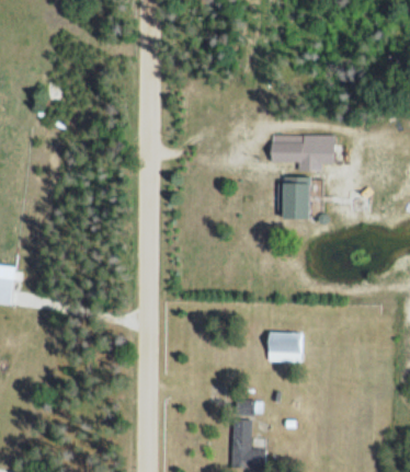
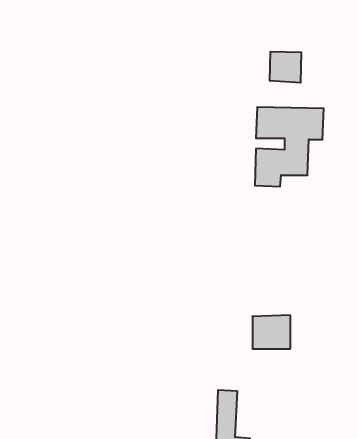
building: none -> [270,52,301,83]

